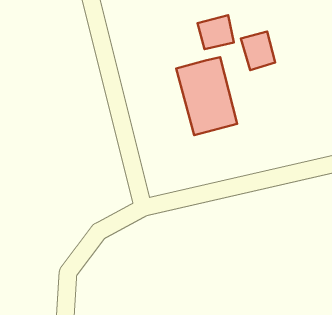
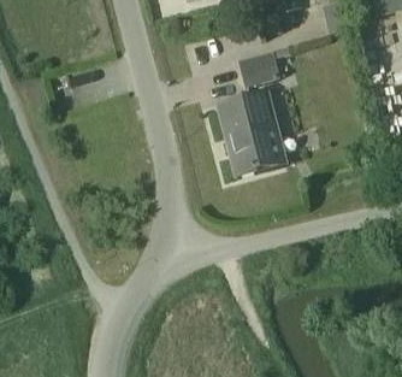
building: [241,32,275,70] -> none

